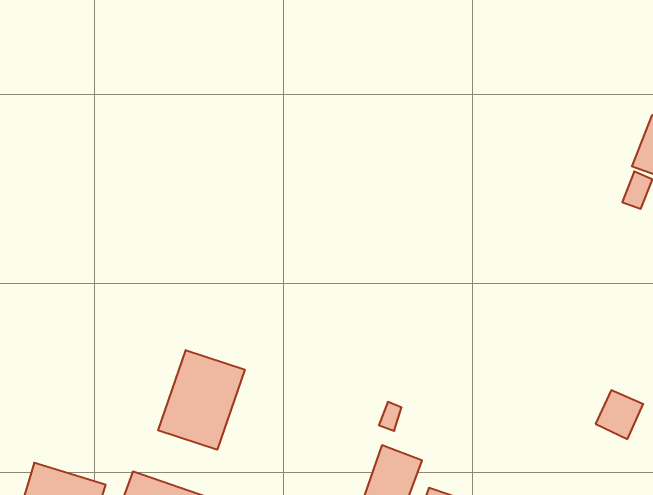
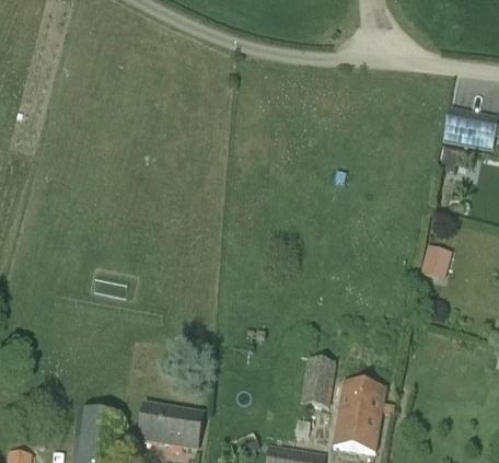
building: [158,350,245,450] -> none
building: [596,390,643,439] -> [421,245,451,276]

